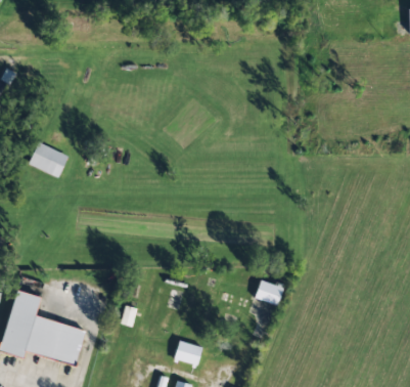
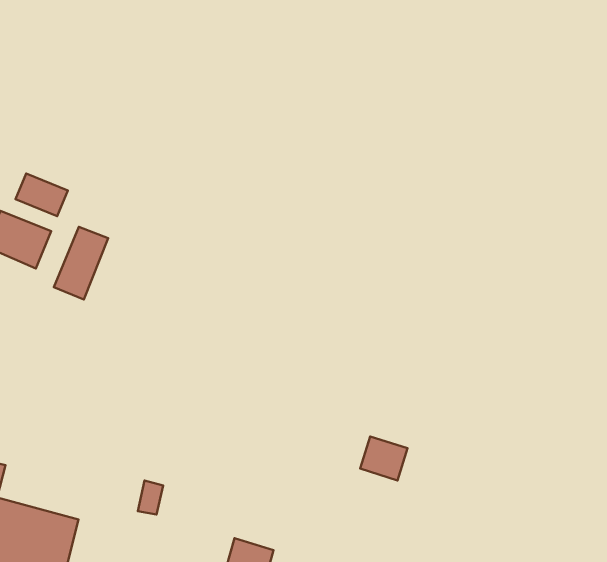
building: none -> [16,173,68,216]
building: none -> [54,227,108,300]

